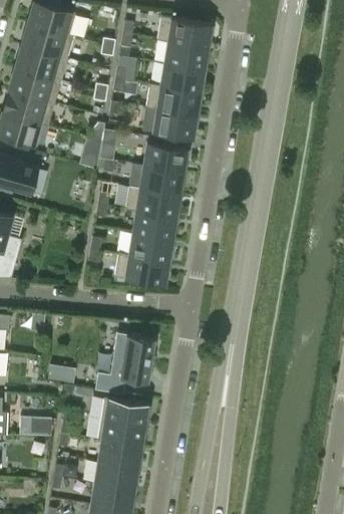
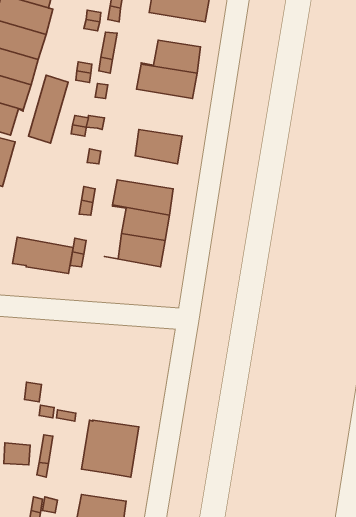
building: [157,40,207,70] -> none
building: none -> [28,75,68,143]
building: [146,107,196,140] -> none
building: [129,166,183,195] -> none
building: [114,254,167,286] -> [13,237,73,274]
building: [107,334,155,395] -> none
building: [97,441,141,469] -> none

